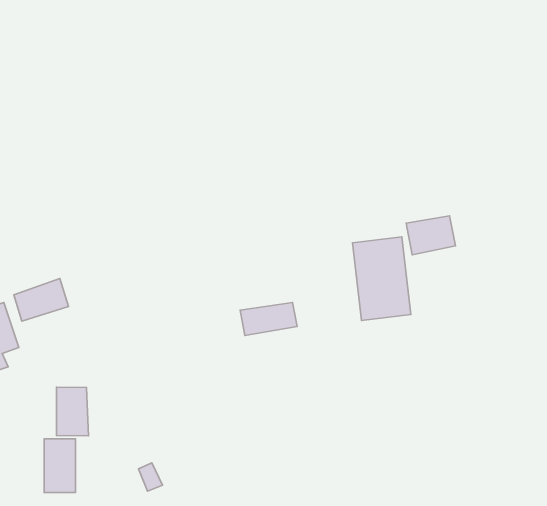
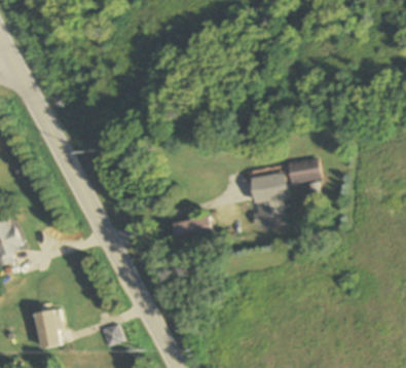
building: [14,279,69,321] -> none
building: [57,387,88,436] -> none

